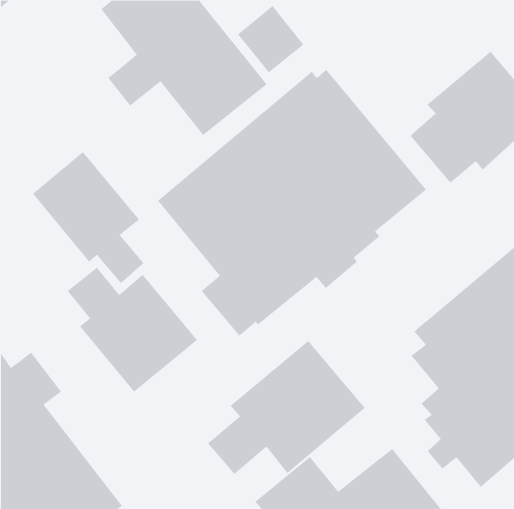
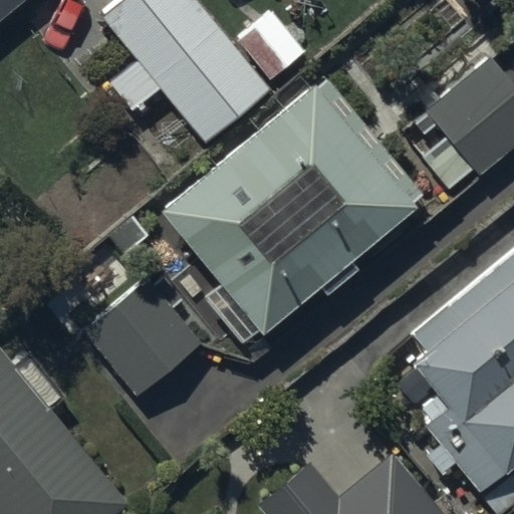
building: [32,151,144,284] -> none
building: [207,340,366,475] -> none

